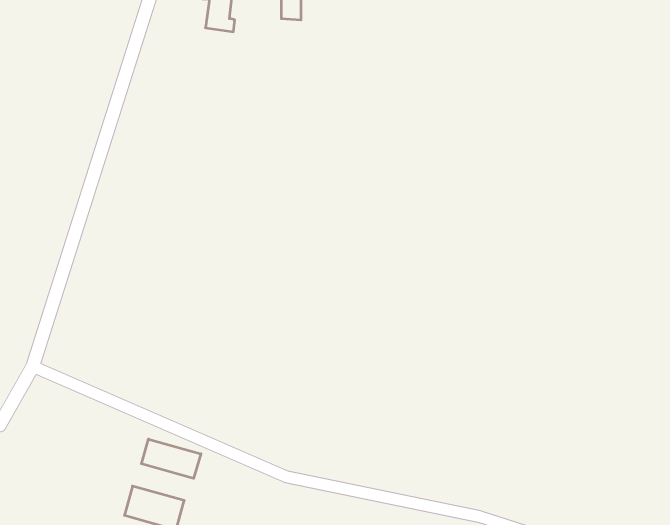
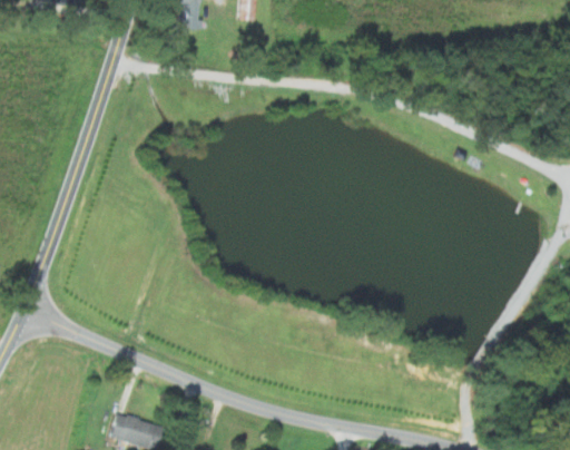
building: [141,439,201,478] -> none

